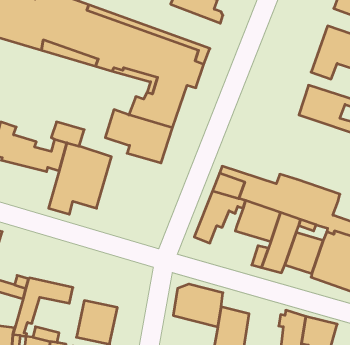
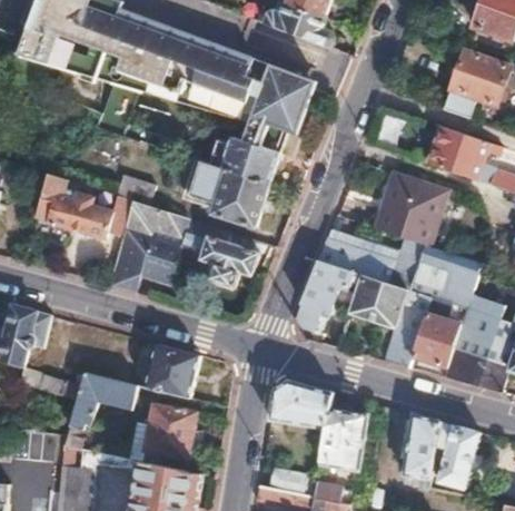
building: none -> [378,174,446,247]
building: none -> [201,225,260,289]
building: none -> [147,344,200,397]

